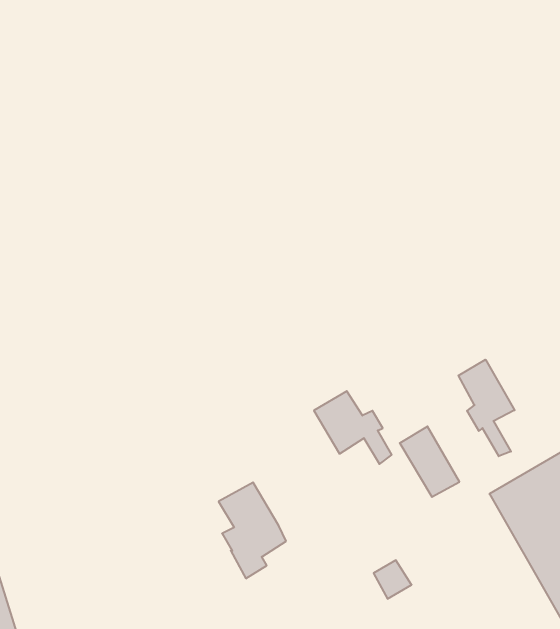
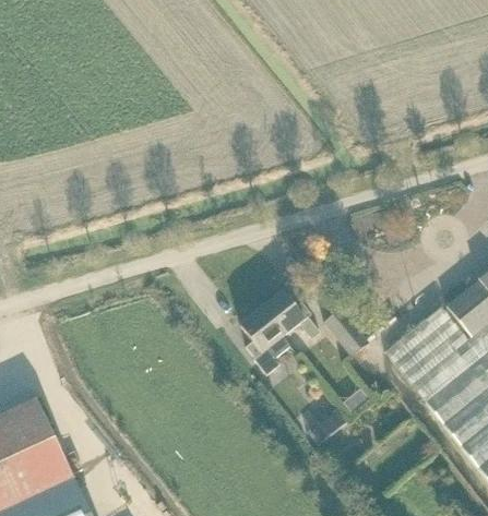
building: [458,360,515,456] -> none
building: [219,482,286,578] -> [239,309,289,375]

